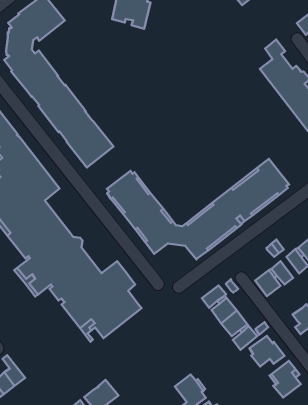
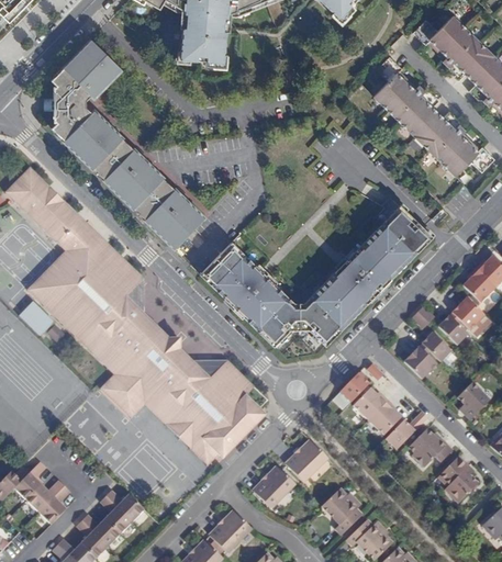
building: none -> [286,439,327,481]
building: none -> [253,464,294,507]
building: none -> [105,488,144,520]

